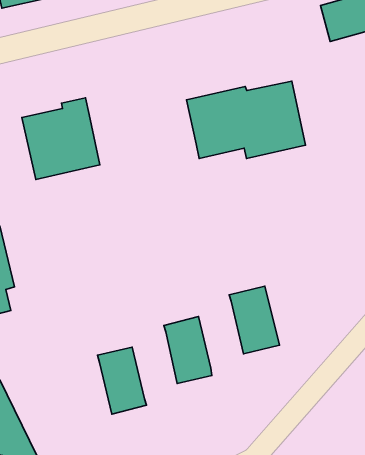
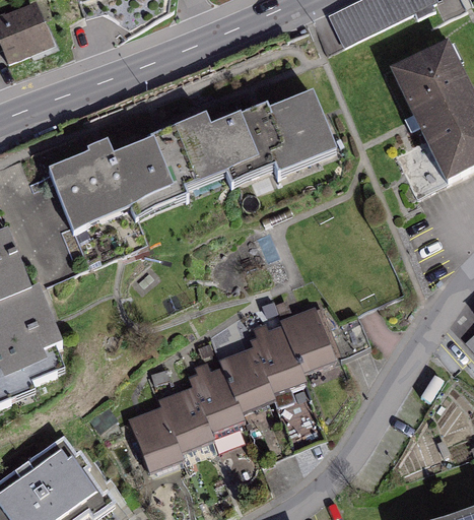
building: none -> [113,115,224,205]
building: none -> [250,322,307,392]
building: none -> [189,363,245,433]
building: none -> [127,403,183,472]

